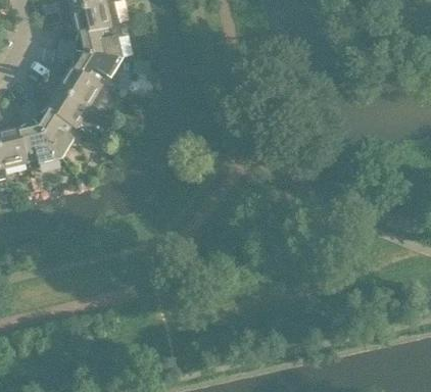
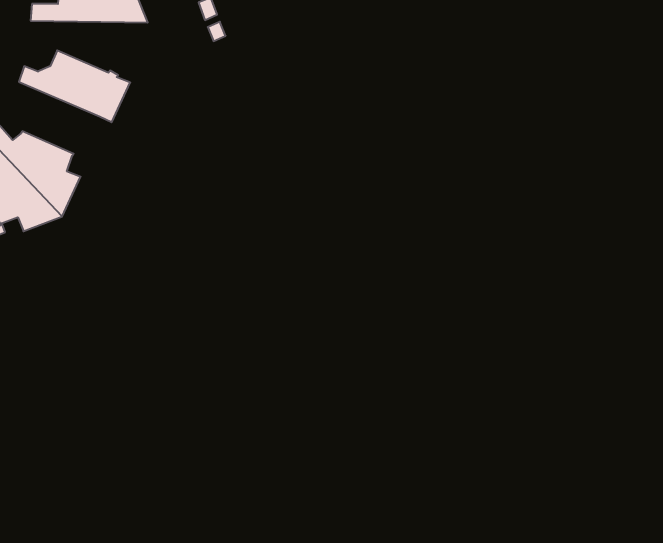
building: [59,48,125,83] -> none
building: [44,81,91,129] -> none

